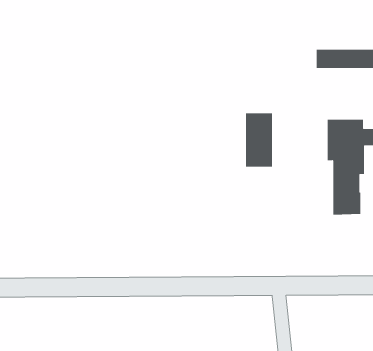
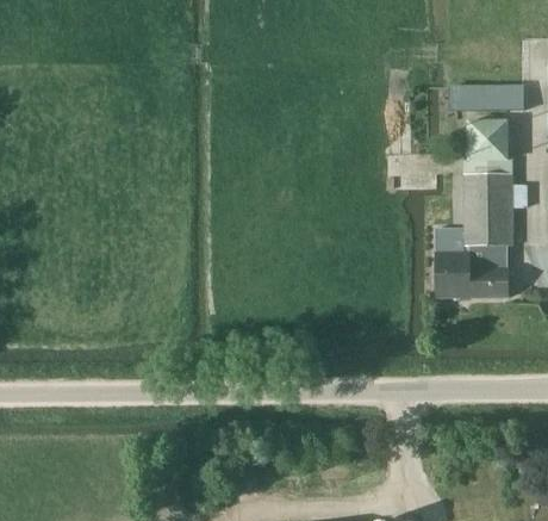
building: none -> [467,118,510,161]
building: [245,113,273,167] -> [435,230,471,300]

